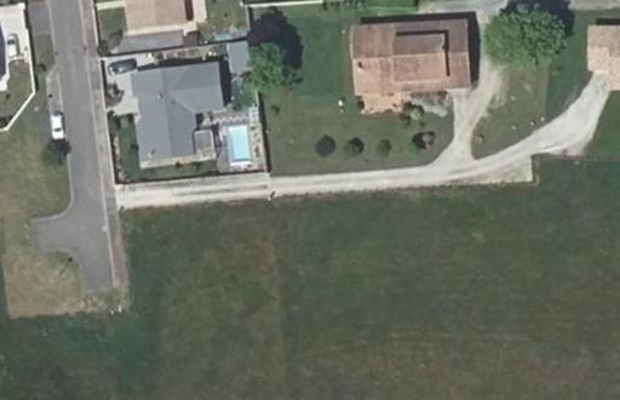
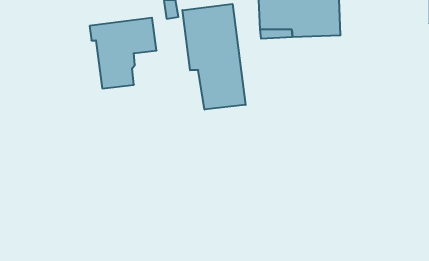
building: none -> [182,4,246,110]

